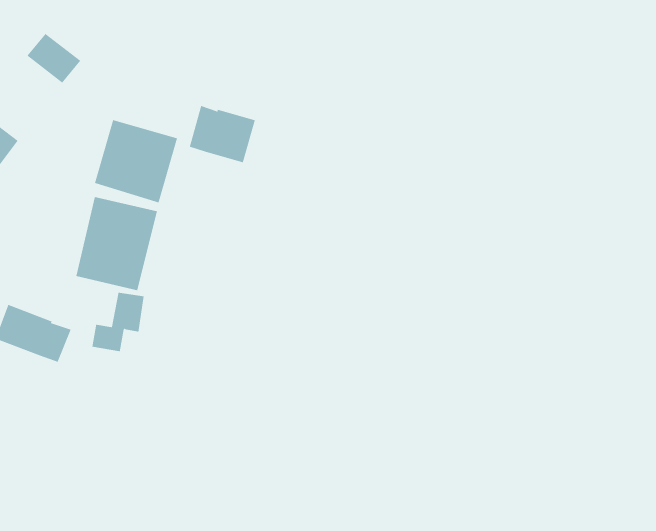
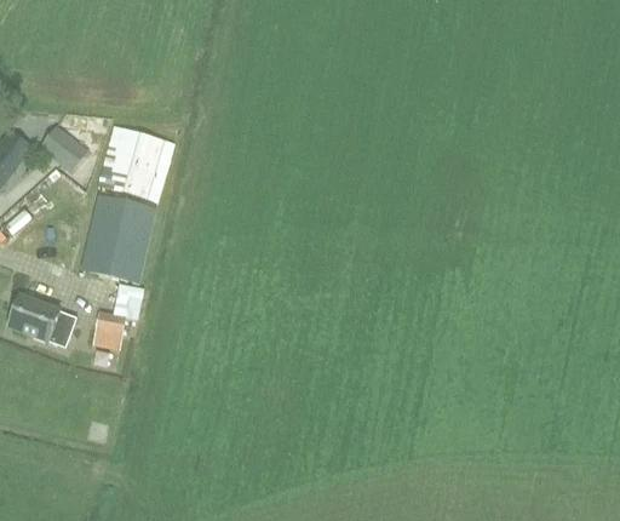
building: [27,33,81,83] -> [39,125,88,171]
building: [189,105,256,163] -> none

